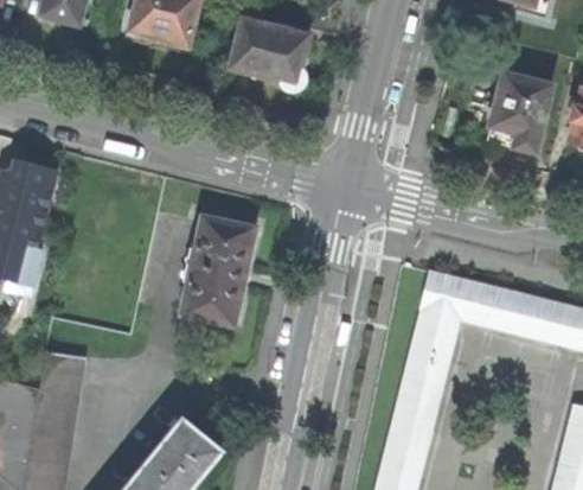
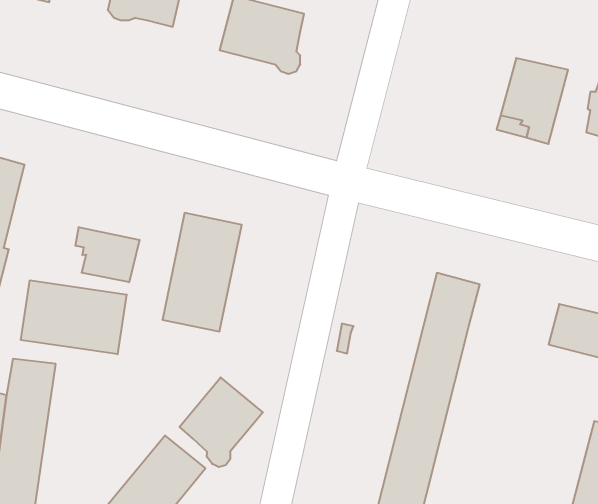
building: none -> [75,227,139,282]
building: none -> [21,280,127,354]
building: [460,281,542,336] -> none
building: none -> [180,377,263,467]

